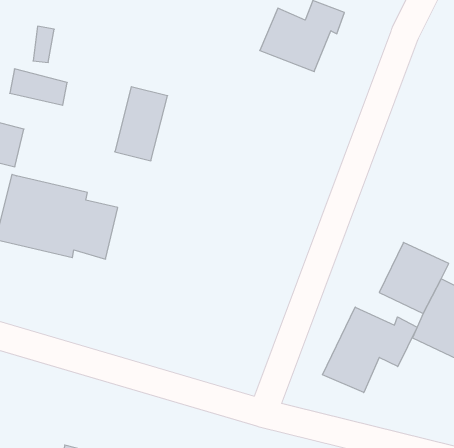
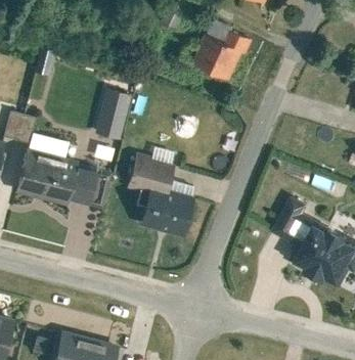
building: [10,69,67,105] -> [29,134,68,159]
building: none -> [128,159,191,238]
building: [322,307,417,393] -> none

